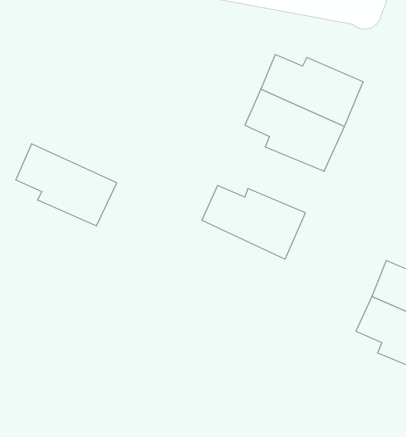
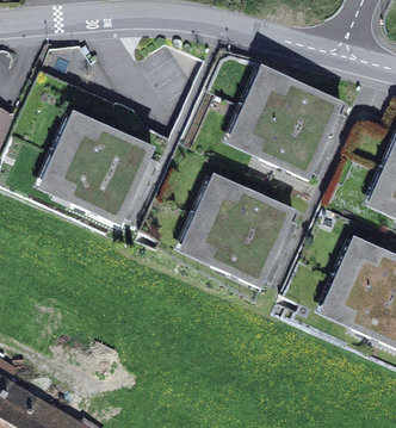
building: none -> [63,126,149,187]
building: none -> [192,218,273,286]

